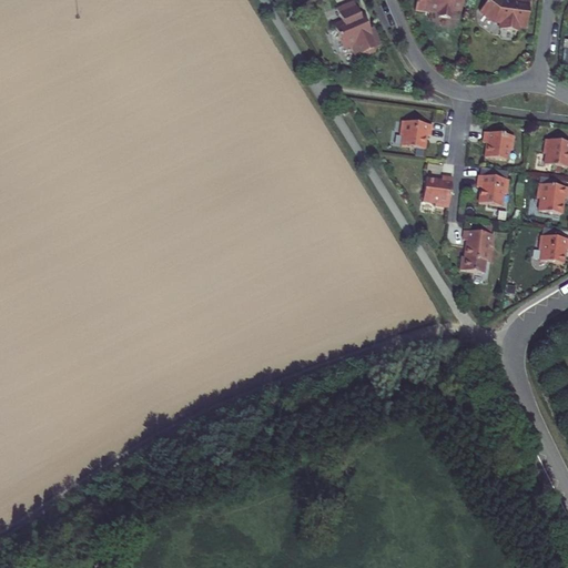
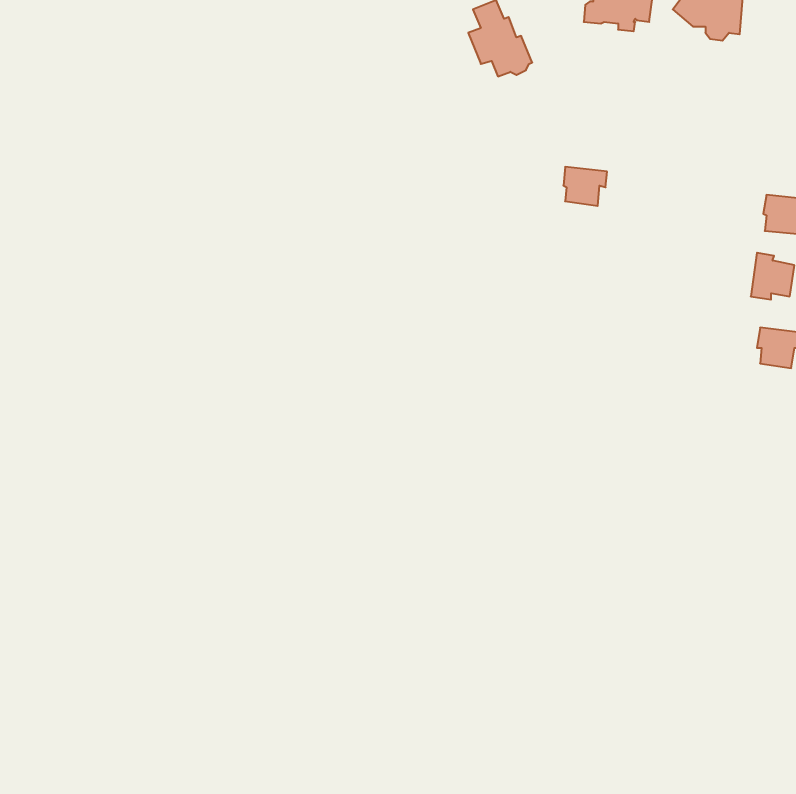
building: [484,129,515,158] -> none
building: [478,174,510,205] -> none
building: [423,175,453,206] -> none
building: [462,230,496,273] -> none

